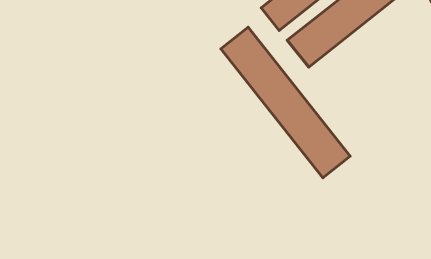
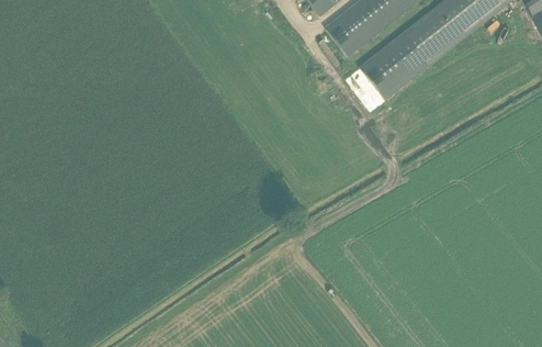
building: [221,27,350,178] -> none

